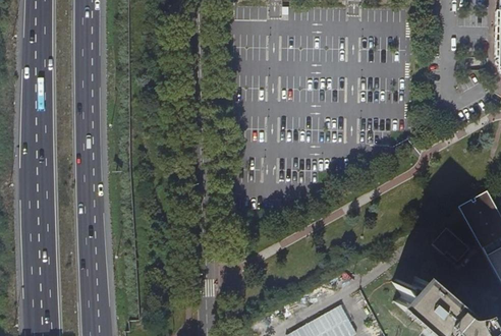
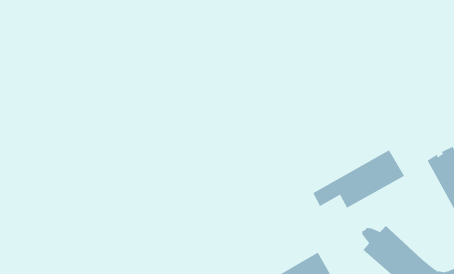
building: none -> [313,149,405,209]

